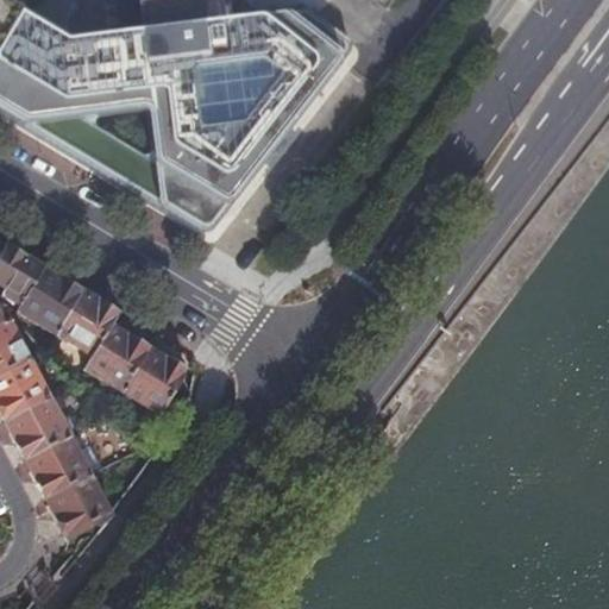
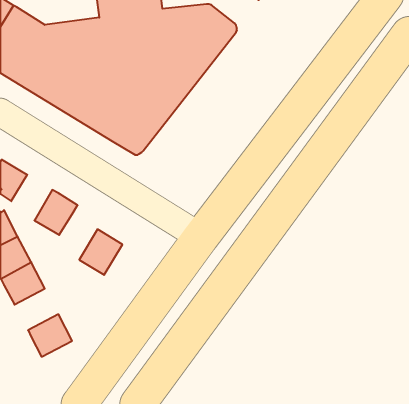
building: [13,259,77,327] -> none
building: [80,318,145,385] -> none
building: [21,428,87,490] -> none

